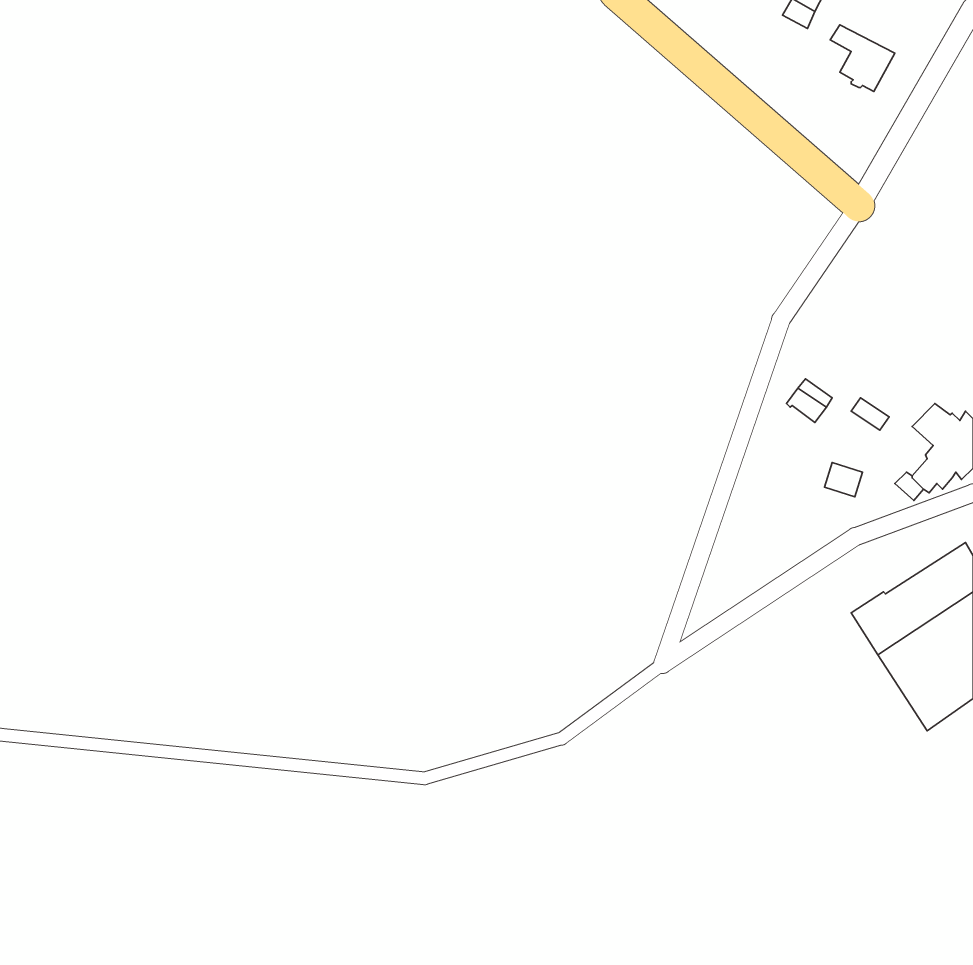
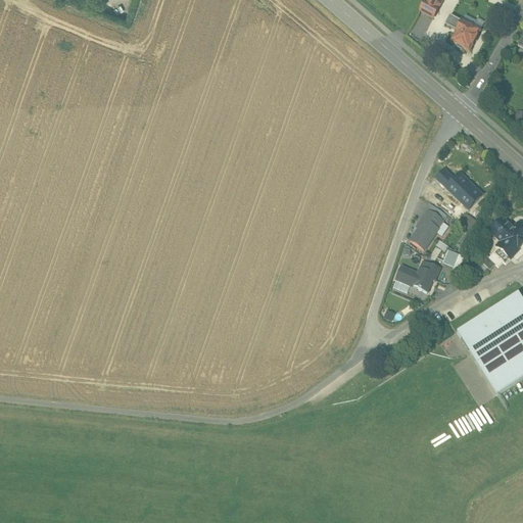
building: none -> [436,169,481,205]
building: none -> [411,218,438,248]
building: none -> [395,262,439,291]

